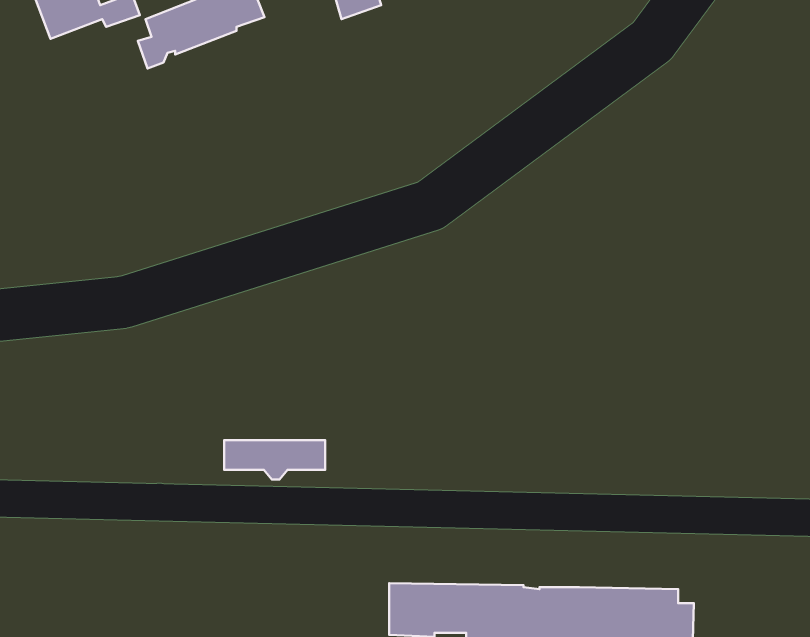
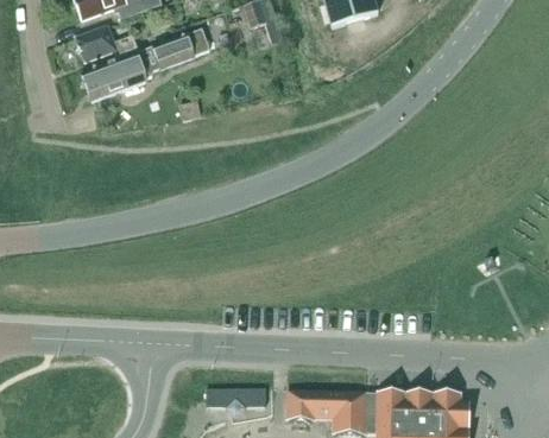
building: none -> [81,51,144,101]
building: [224,440,325,480] -> [204,389,265,413]

